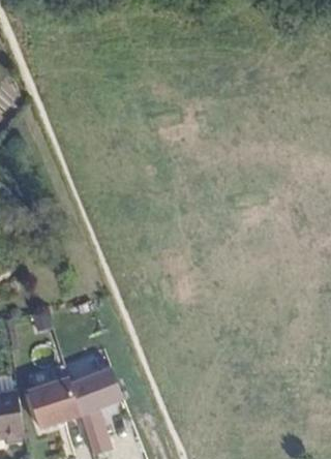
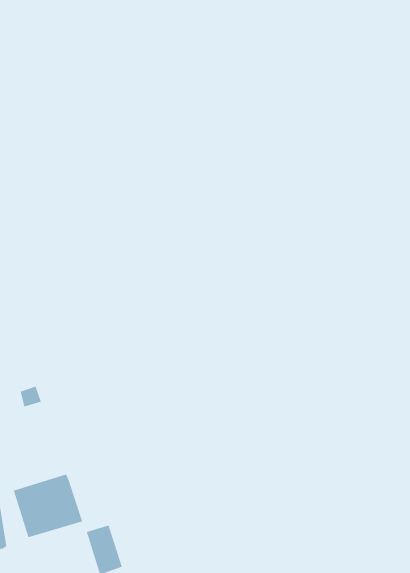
building: [70,369,123,415] -> none

